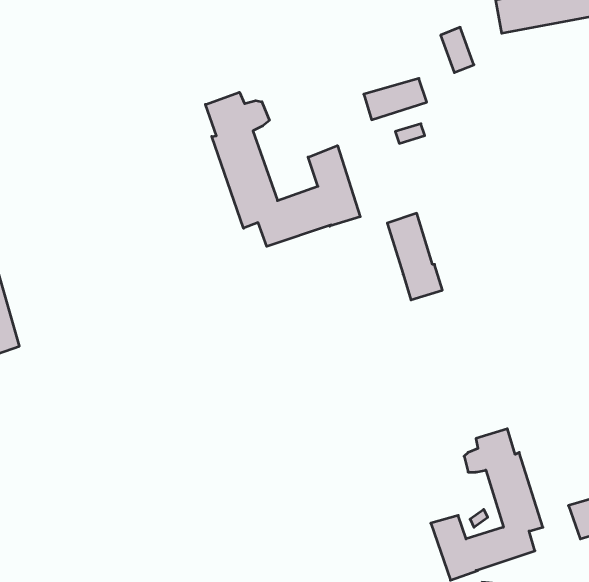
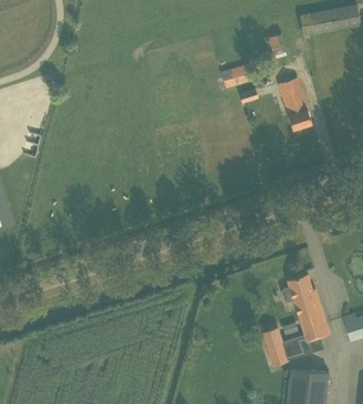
building: [205,92,360,246] -> none
building: [387,213,442,300] -> [279,76,312,128]

